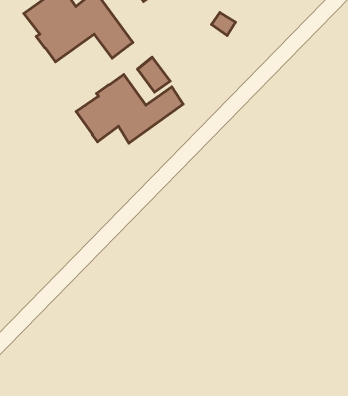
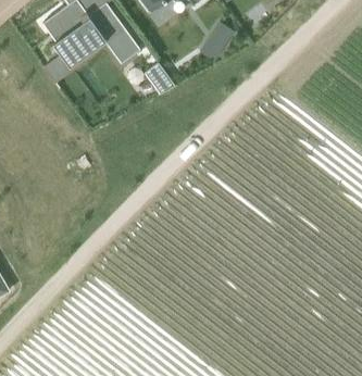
building: [76,74,183,143] -> none

